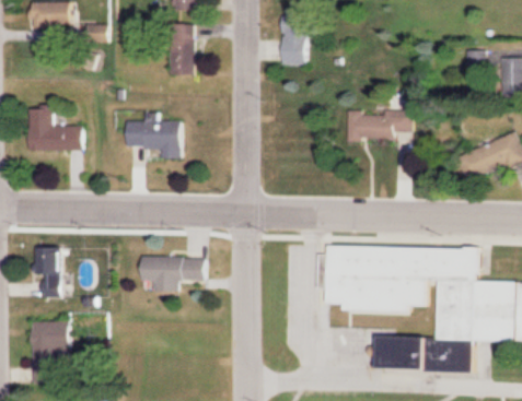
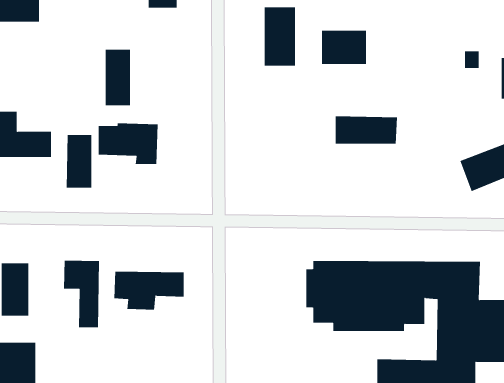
building: [170,24,194,76] -> [105,49,131,106]
building: none -> [321,30,367,65]
building: none -> [66,134,92,189]
building: none -> [64,260,100,328]

